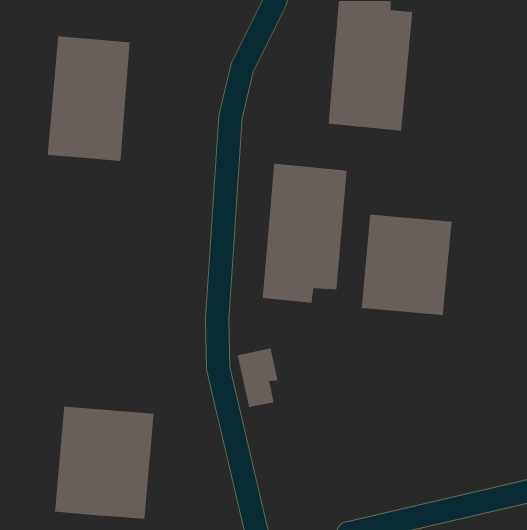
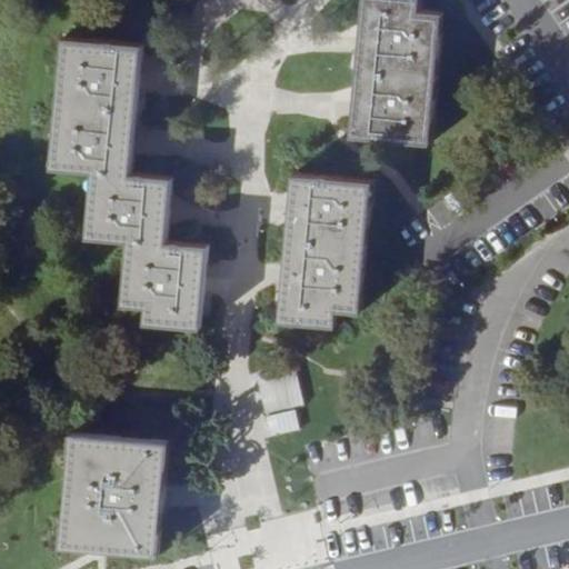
building: none -> [84,172,206,329]
building: [361,214,452,316] -> none

